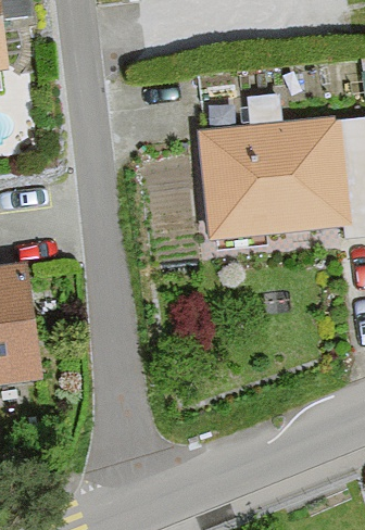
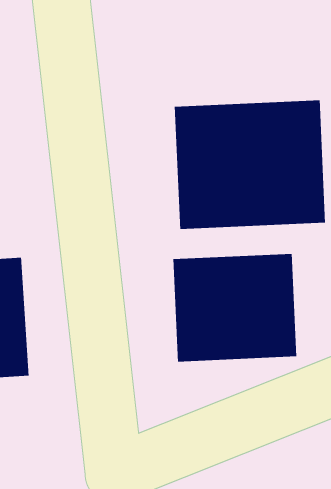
building: none -> [173,253,297,362]

